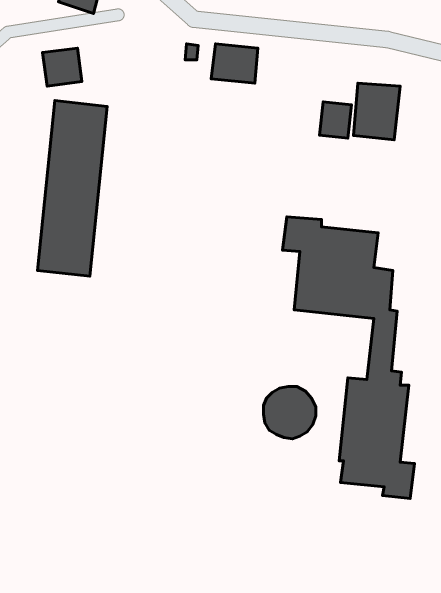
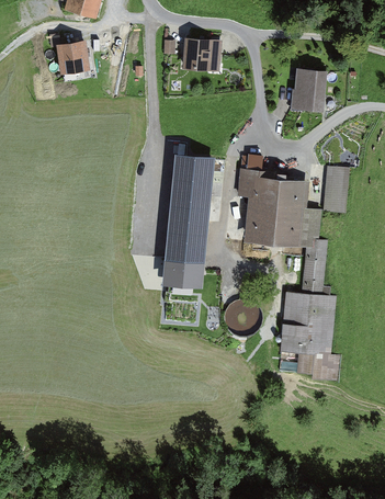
building: [37,101,107,276] -> [161,152,214,285]
building: [320,102,352,138] -> none
building: none -> [321,167,350,213]

